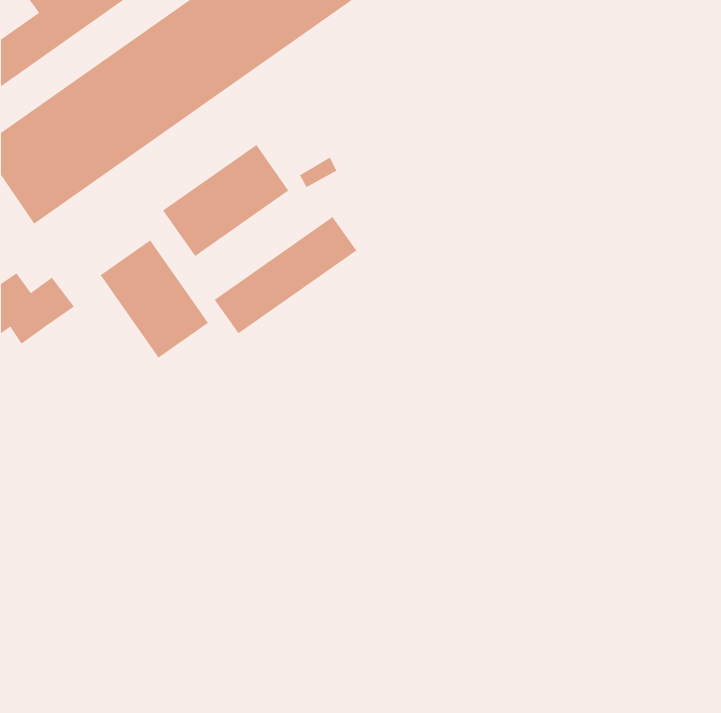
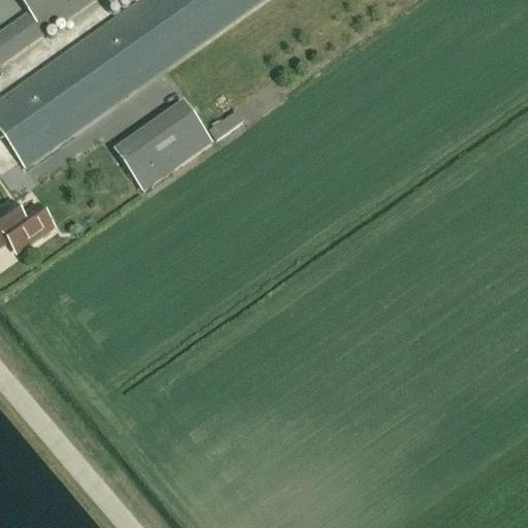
building: [214,216,357,334] -> none
building: [100,239,209,358] -> none

